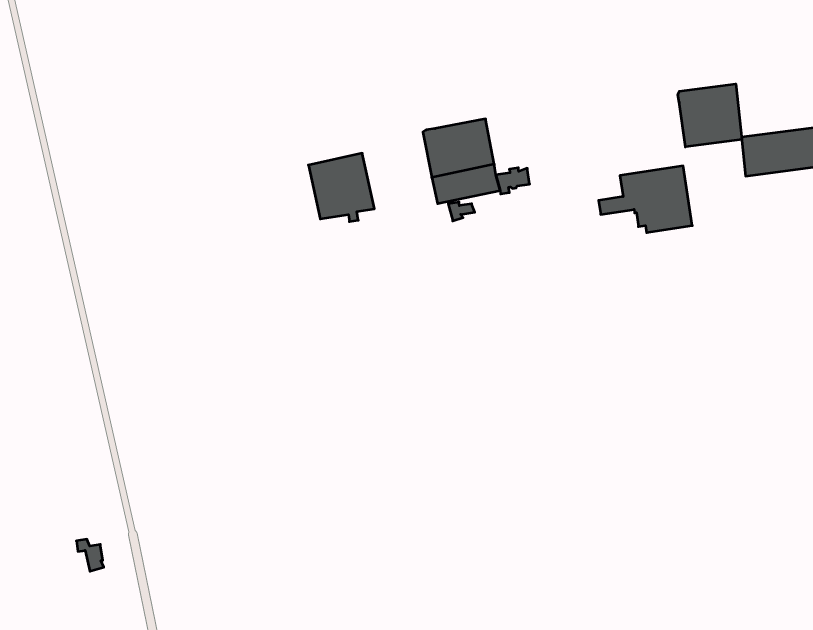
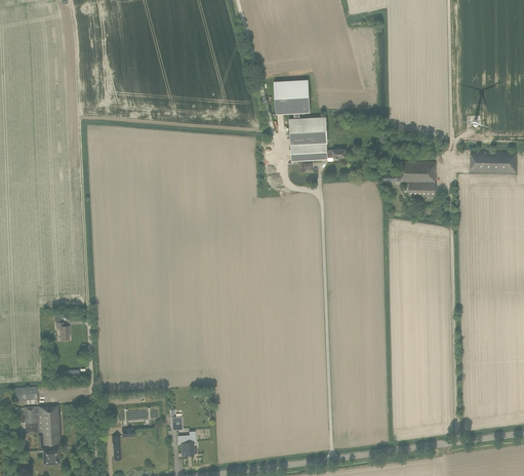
building: [678,84,742,147] -> none
building: [308,153,374,222] -> [276,80,310,118]

